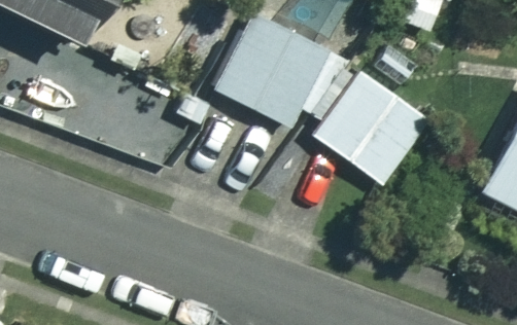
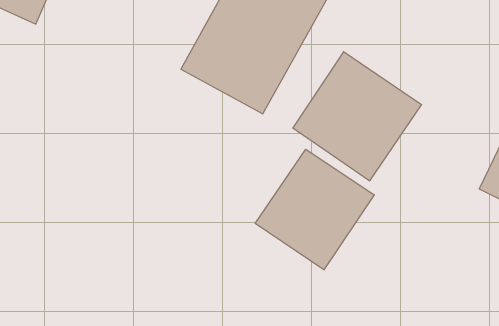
building: none -> [255,149,374,270]

